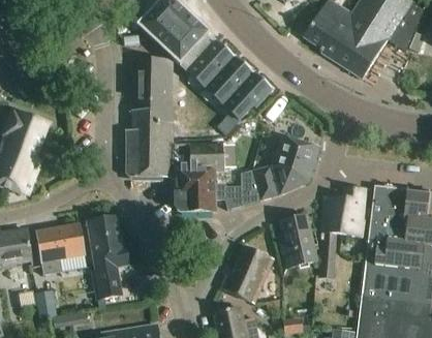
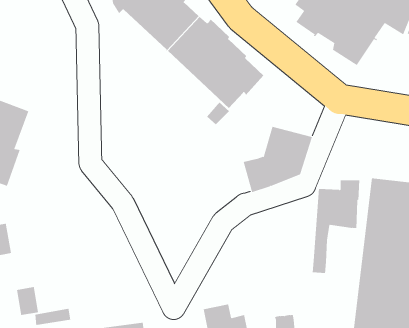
building: [127,58,224,211] -> none
building: [224,171,260,210] -> none
building: [280,215,317,268] -> none
building: [88,216,128,297] -> none
building: [35,223,86,276] -> none
building: [220,246,274,303] -> none

